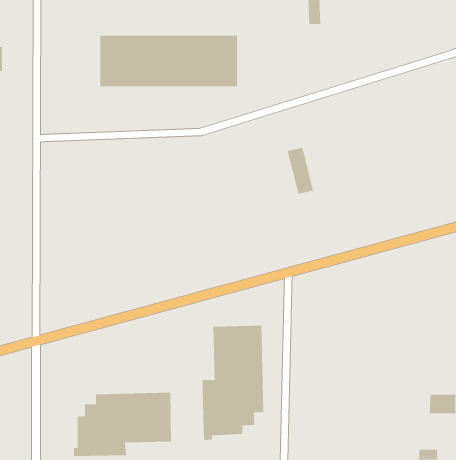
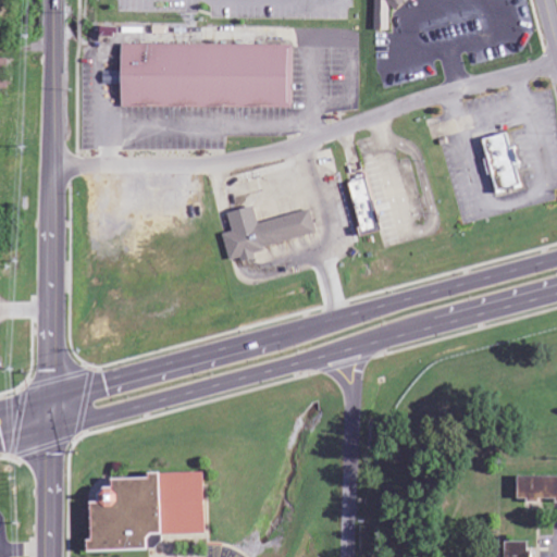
building: none -> [480,131,519,191]
building: none -> [219,206,313,259]
building: [202,325,264,441] -> none

